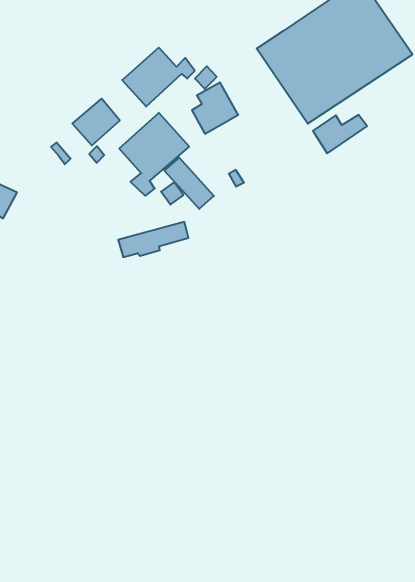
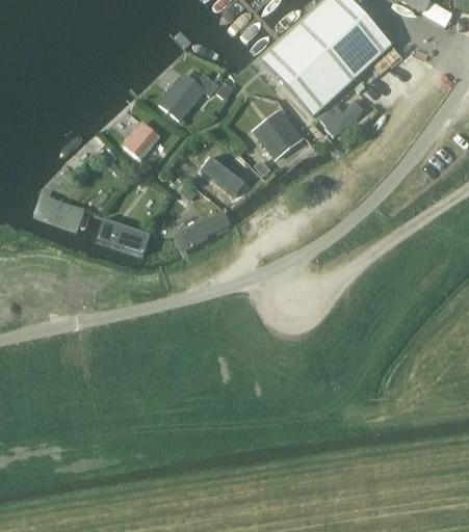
building: [192,83,238,134] -> [262,114,301,158]
building: [119,113,189,196] -> none
building: none -> [102,219,150,251]

